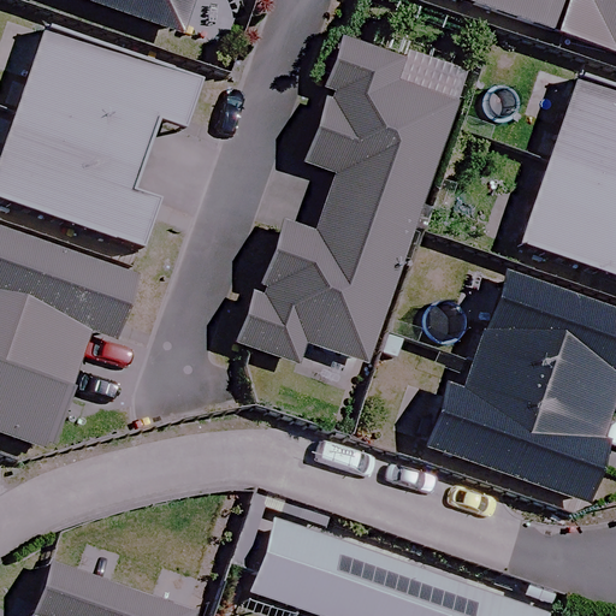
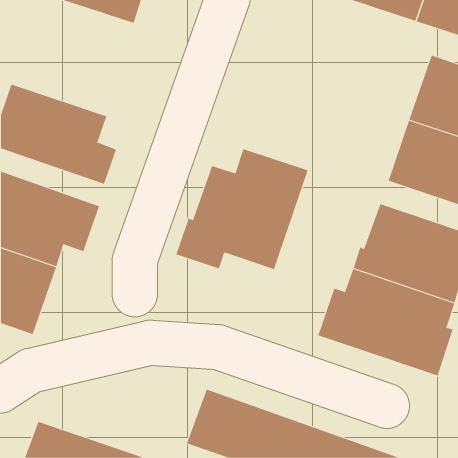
building: [17,25,199,155] -> none
building: [308,36,457,227] -> none

